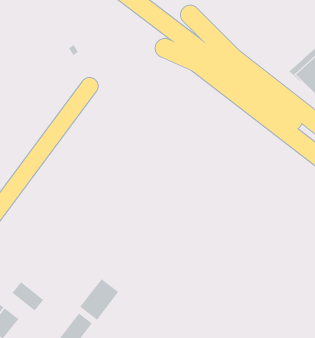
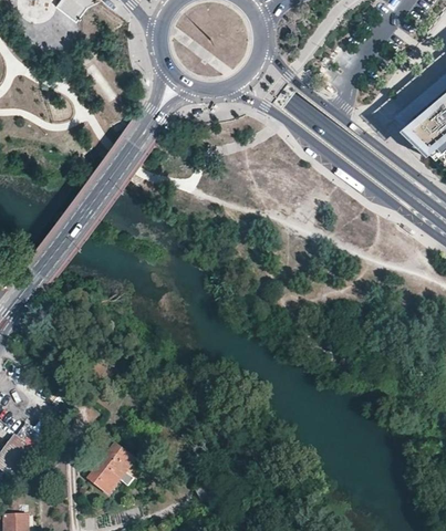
building: [79,278,119,321] -> none
building: [11,281,44,312] -> none

